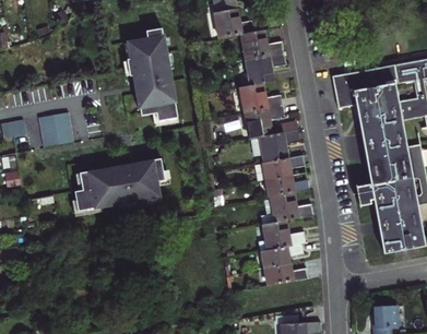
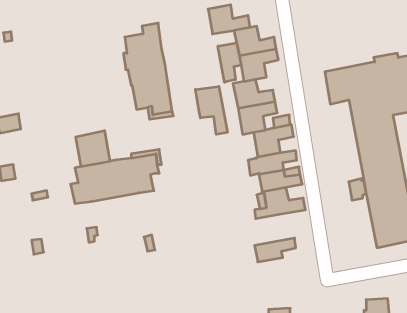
building: none -> [218,43,241,82]
building: none -> [195,86,227,134]
building: [38,109,73,145] -> [76,131,110,166]
building: [258,219,305,251] -> none
building: [264,263,307,285] -> none

